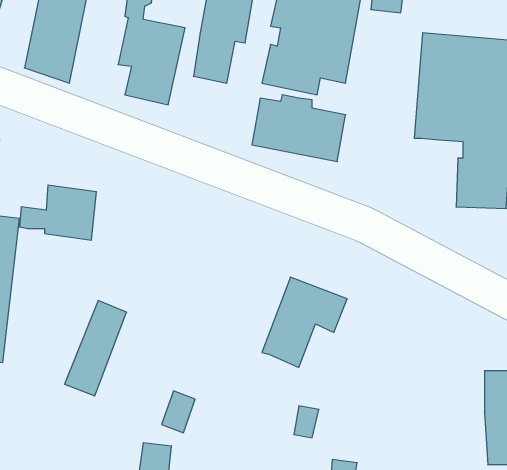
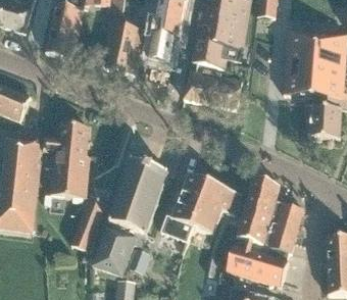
building: none -> [45,152,89,197]
building: none -> [93,156,168,277]
building: none -> [161,171,207,242]
building: none -> [227,178,303,285]

